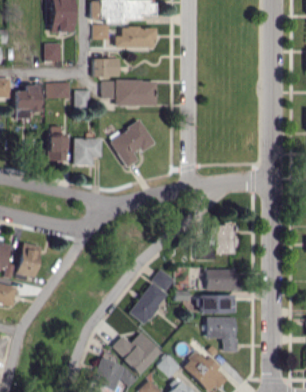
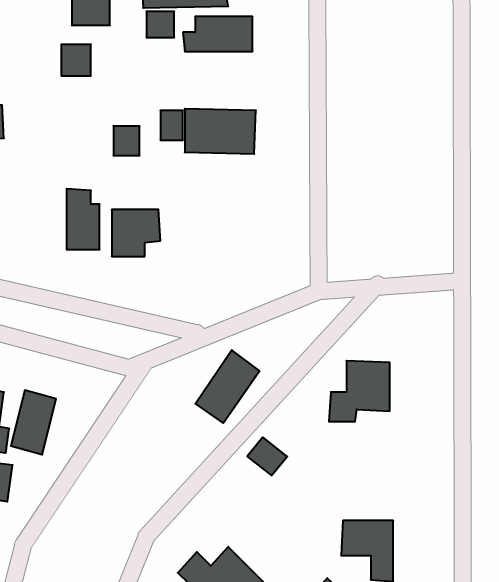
building: [93,58,119,77] -> none
building: [47,82,71,98] -> none
building: [15,85,39,118] -> none
building: [110,121,154,167] -> none
building: [206,269,237,290] -> none
building: [130,282,167,324] -> [195,350,260,423]
building: [200,294,235,313] -> none

